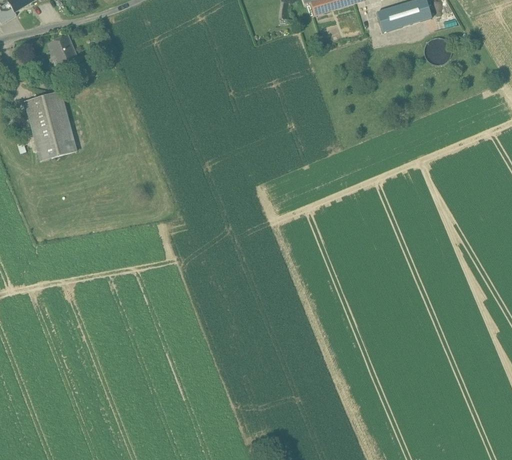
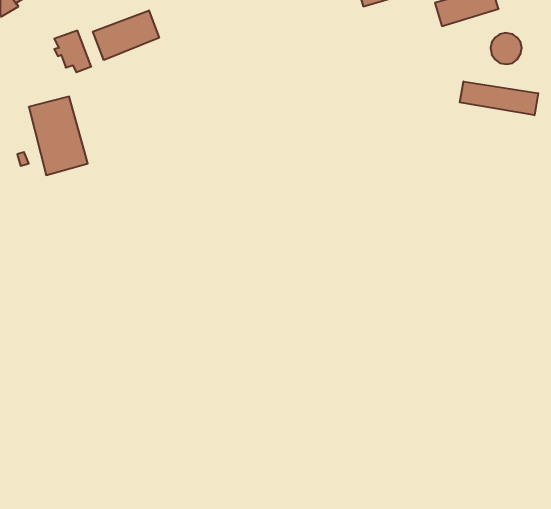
building: none -> [93,10,159,60]
building: none -> [460,81,538,115]

